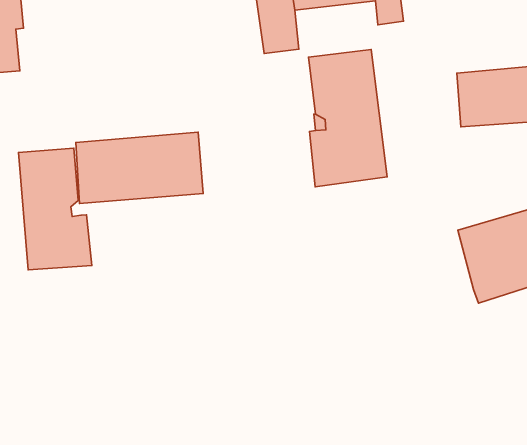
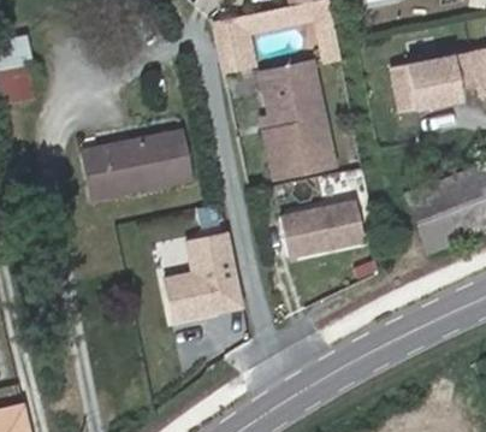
building: [18,148,92,270] -> none
building: none -> [280,194,363,250]
building: none -> [164,229,242,316]

